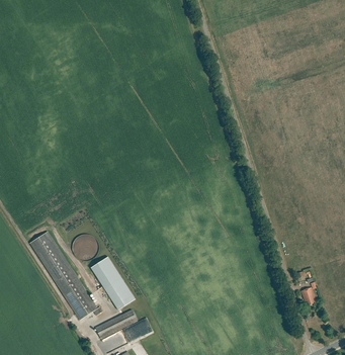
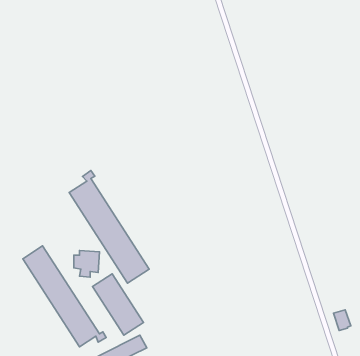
building: none -> [69,170,149,283]

